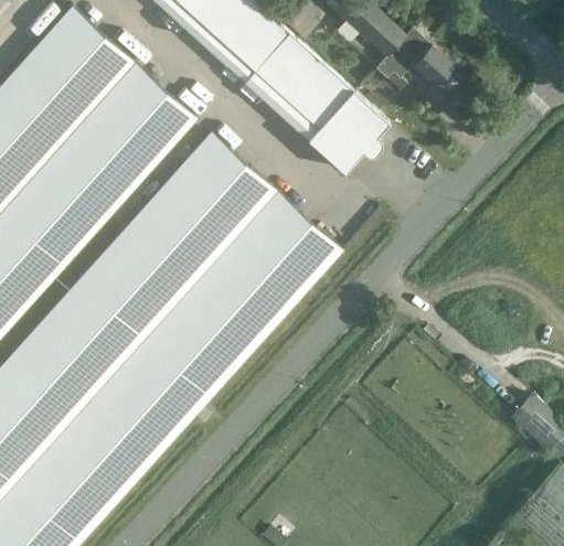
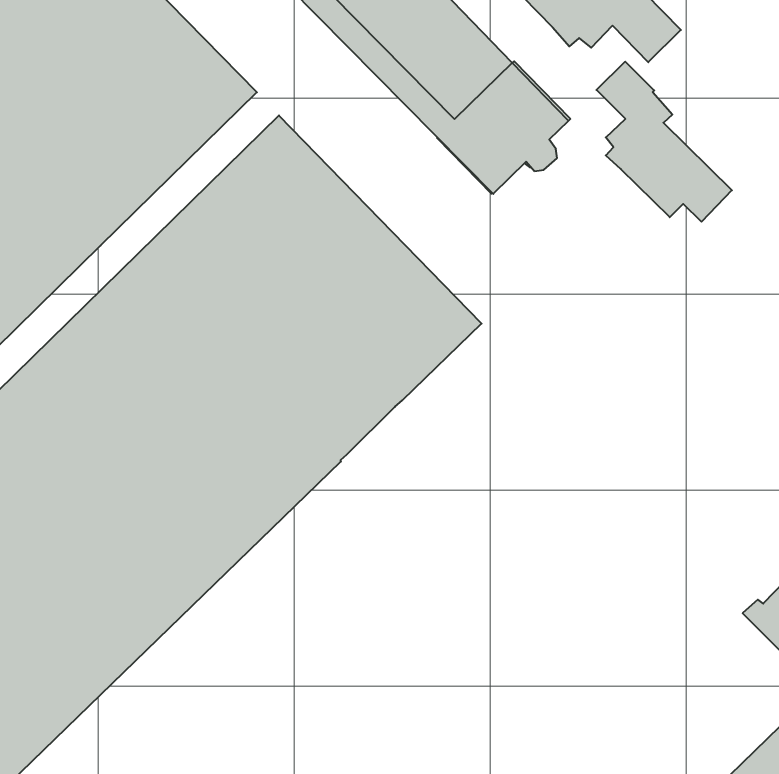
building: none -> [596,62,732,222]

